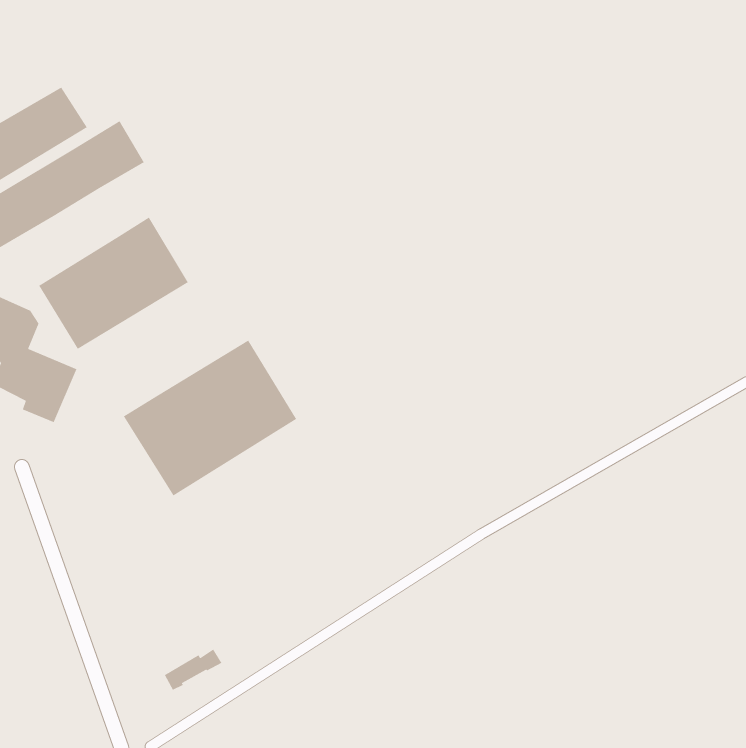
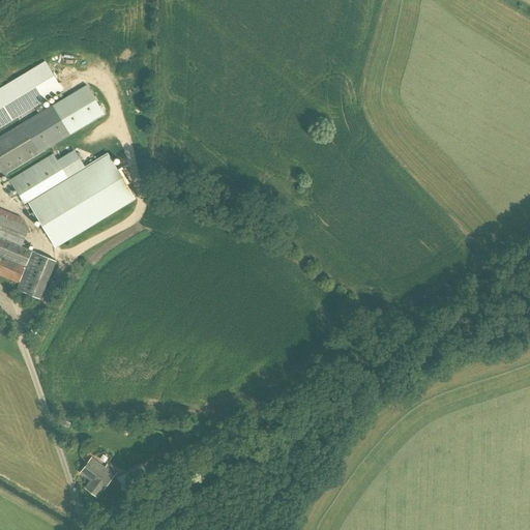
building: none -> [8,149,84,204]
building: [123,339,297,496] -> none
building: none -> [80,461,115,497]

